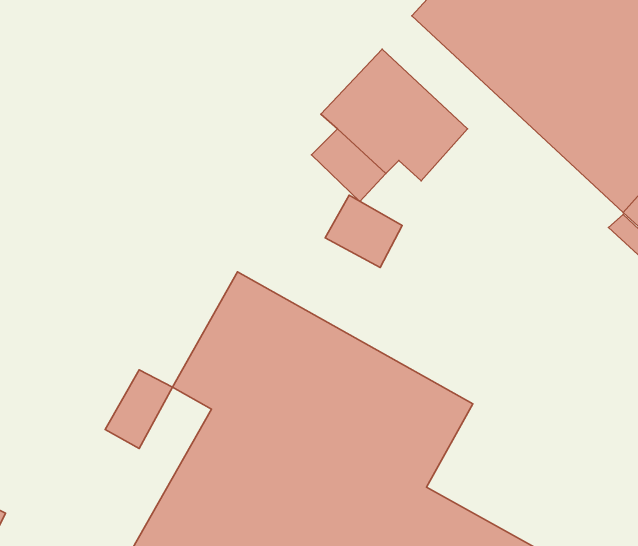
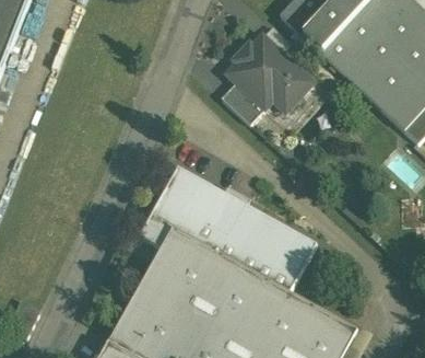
building: [325,195,402,267] -> none
building: [105,370,172,449] -> none

